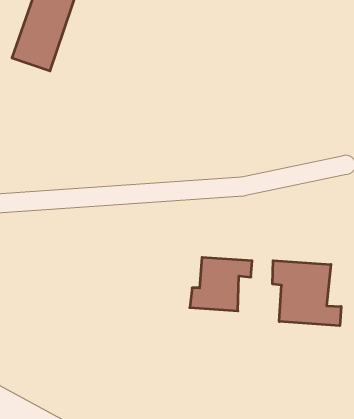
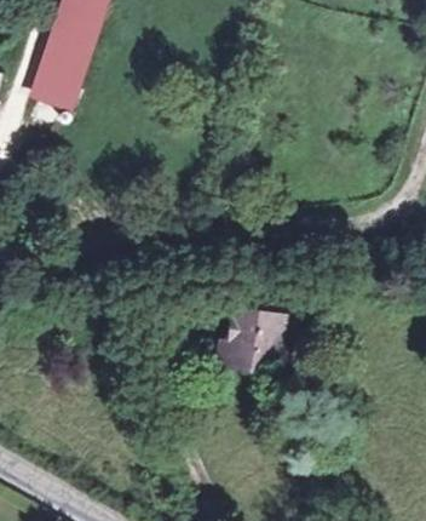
building: [273,261,341,326] -> none

